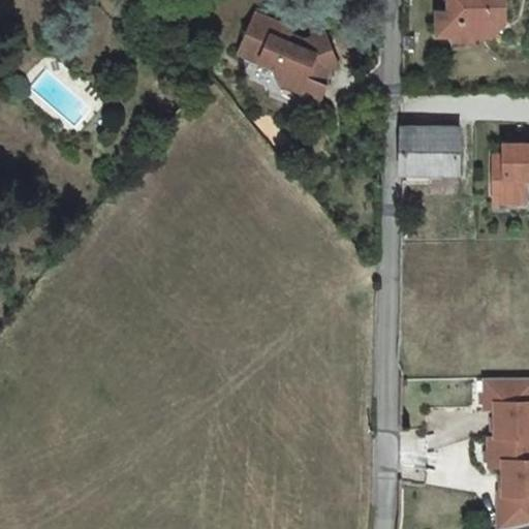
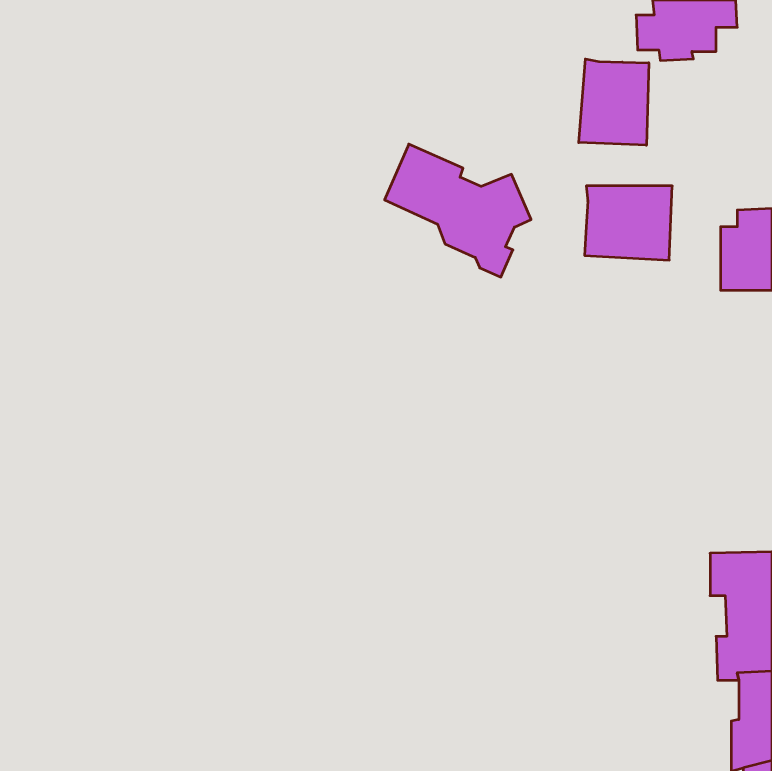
building: [241,13,341,104] -> [385,144,531,277]
building: none -> [579,59,649,145]

